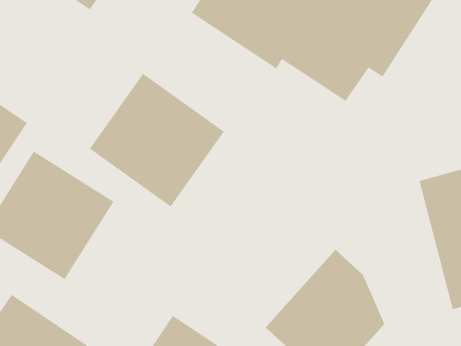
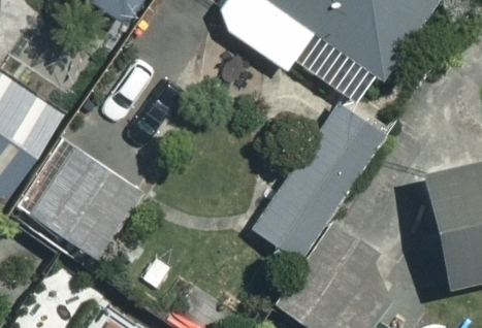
building: [89,73,225,208] -> none
building: none -> [251,112,383,263]

